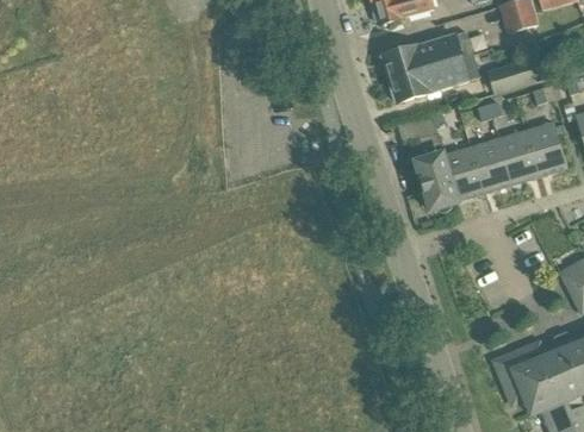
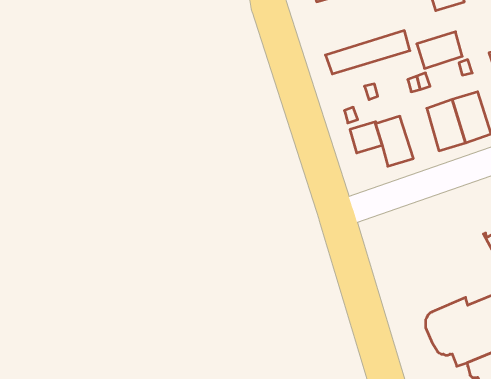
building: [383,31,474,81] -> none
building: [470,138,511,192] -> none
building: [423,177,458,211] -> none

